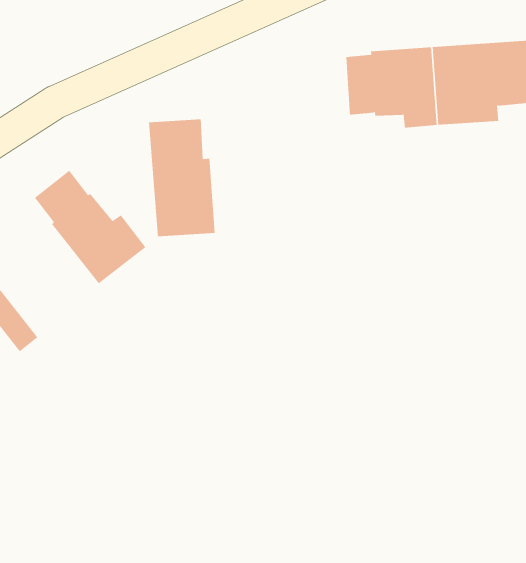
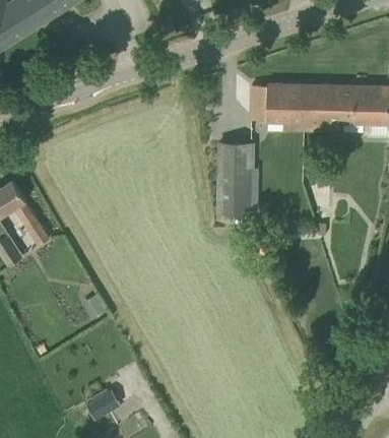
building: [148,119,216,237] -> [221,143,258,214]
building: [34,170,146,284] -> none

